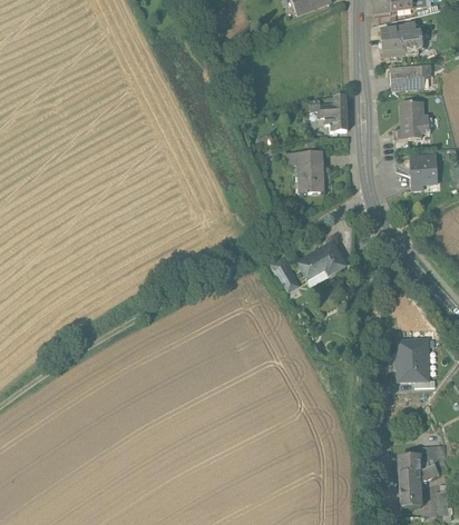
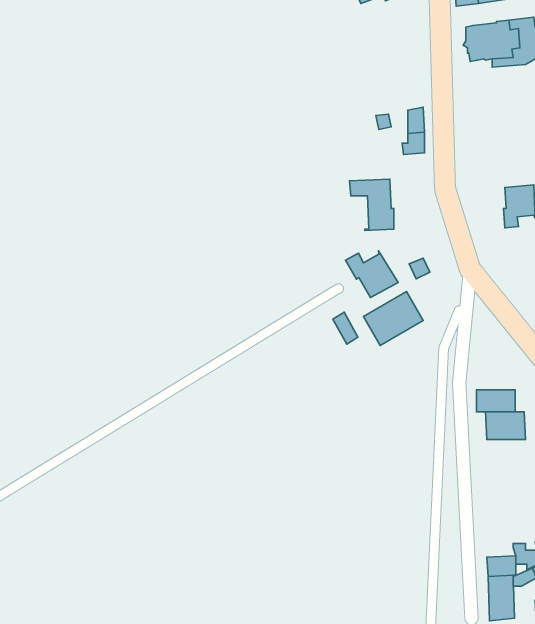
building: [390,66,429,88] -> none
building: [393,100,428,138] -> none
building: none -> [345,251,398,298]
building: [397,359,428,377] -> [476,390,515,412]

